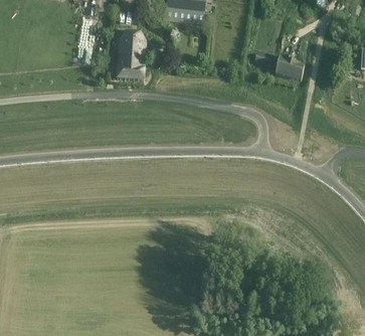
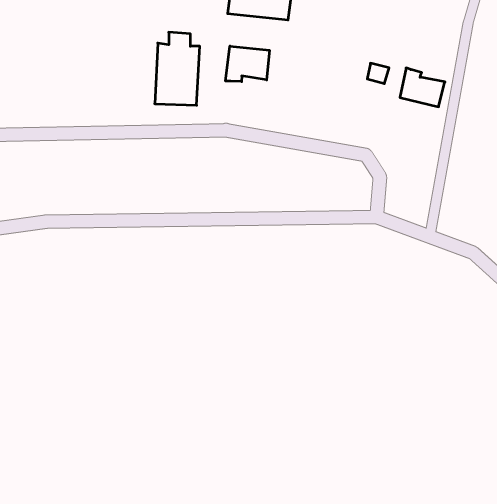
building: none -> [226,46,269,82]

